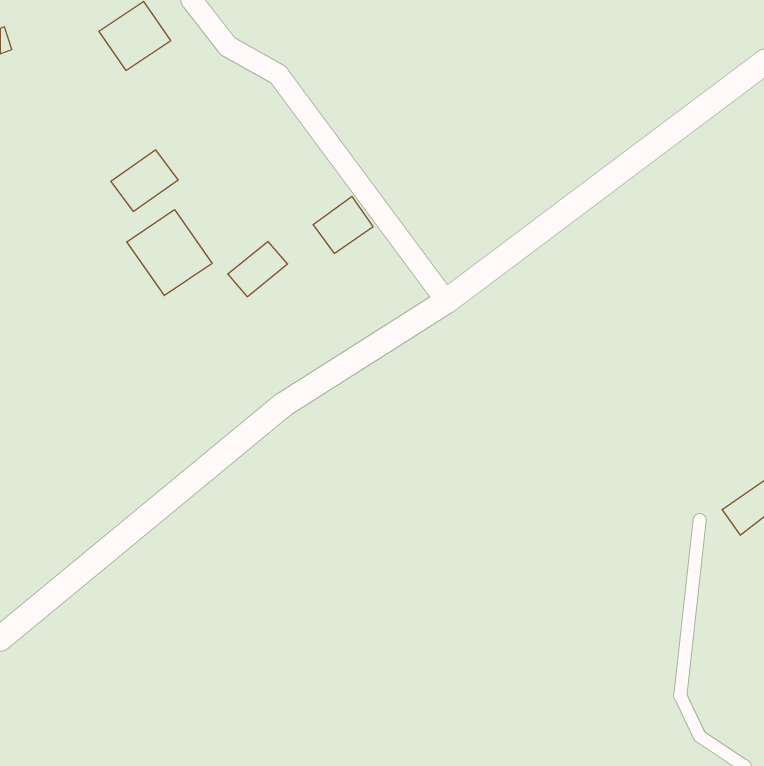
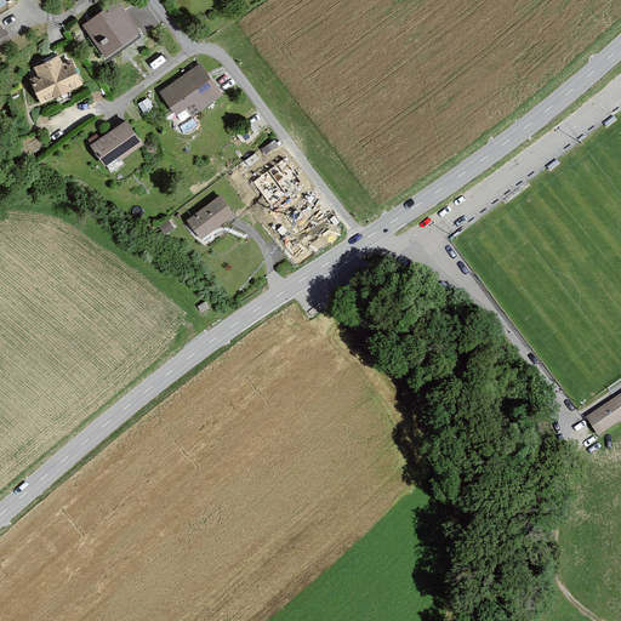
building: none -> [23,52,82,107]
building: none -> [160,64,222,116]
building: [127,210,212,296] -> none

